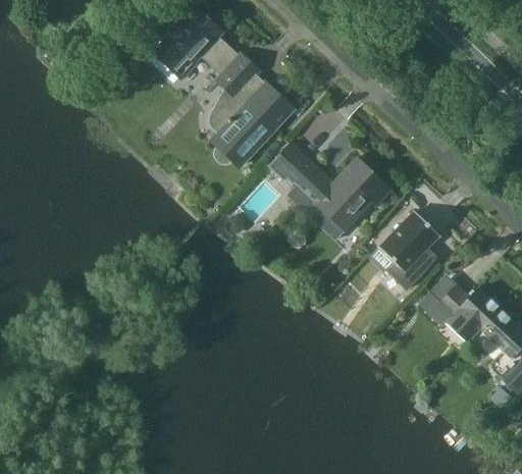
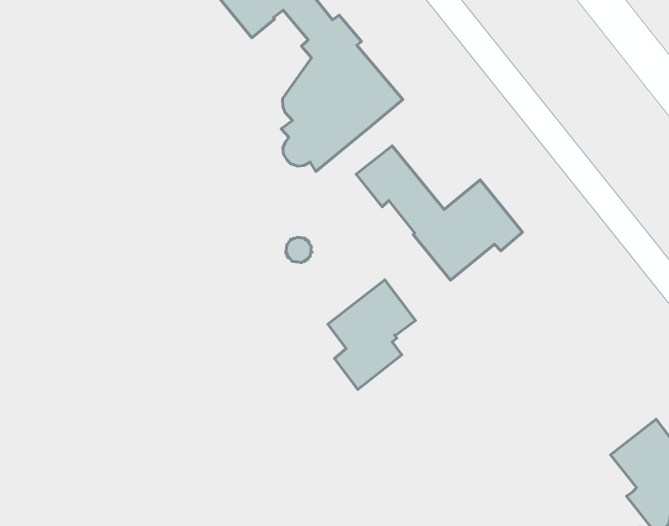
building: [377,210,438,289] -> [328,280,415,389]
building: [422,283,502,343] -> none

